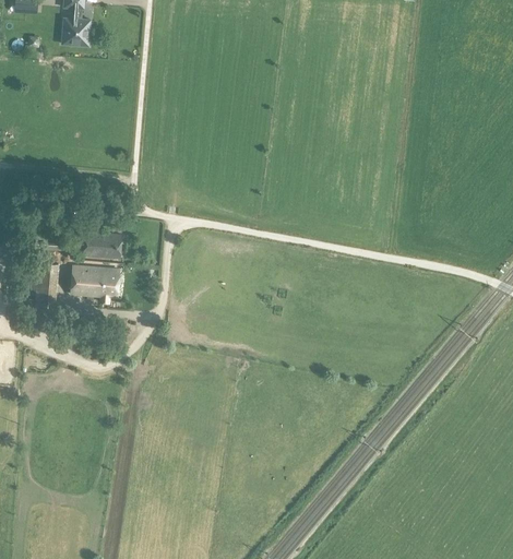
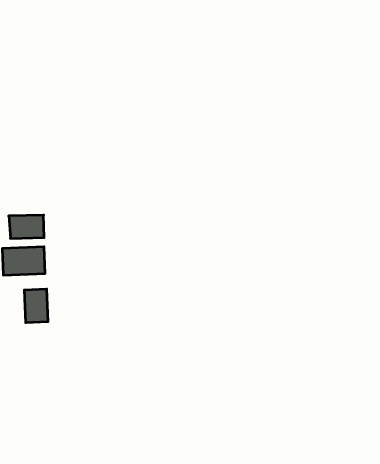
building: none -> [24,289,48,323]

